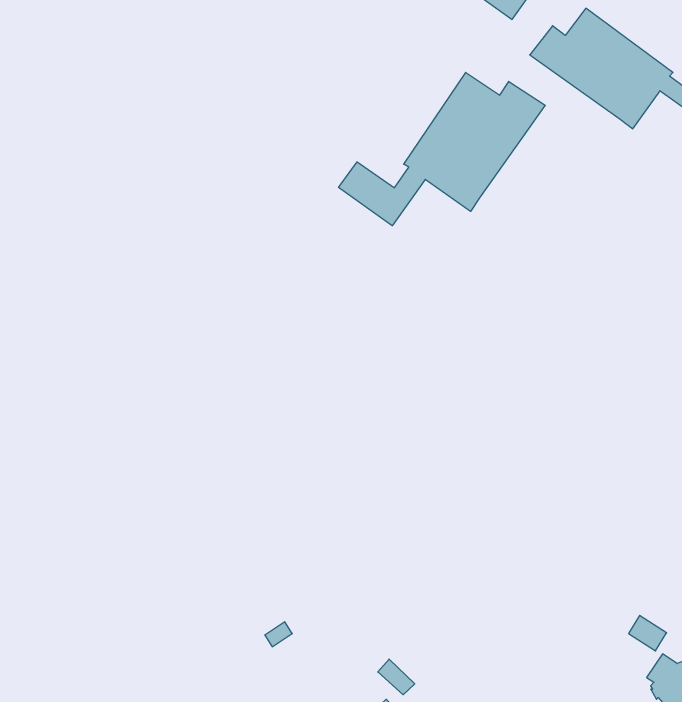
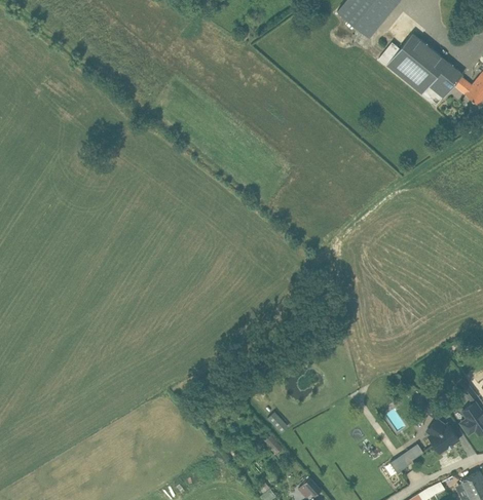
building: [339,72,545,226] -> none

